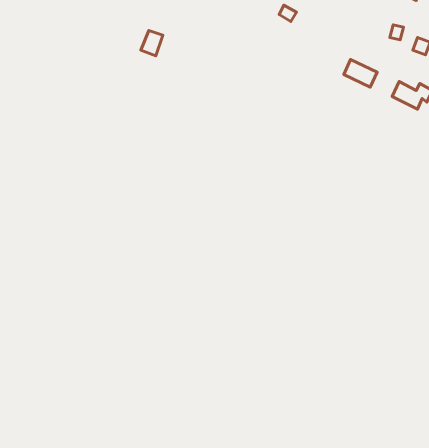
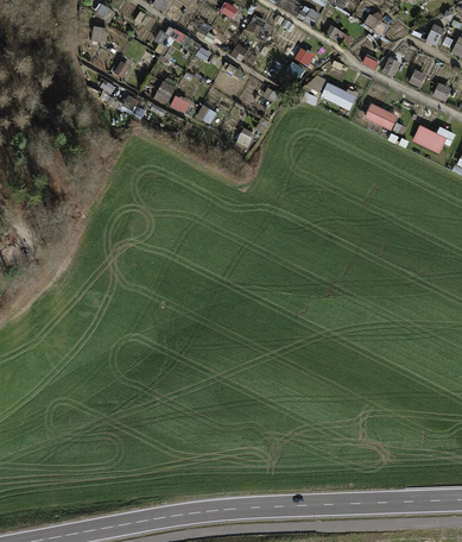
building: none -> [319,84,356,112]

